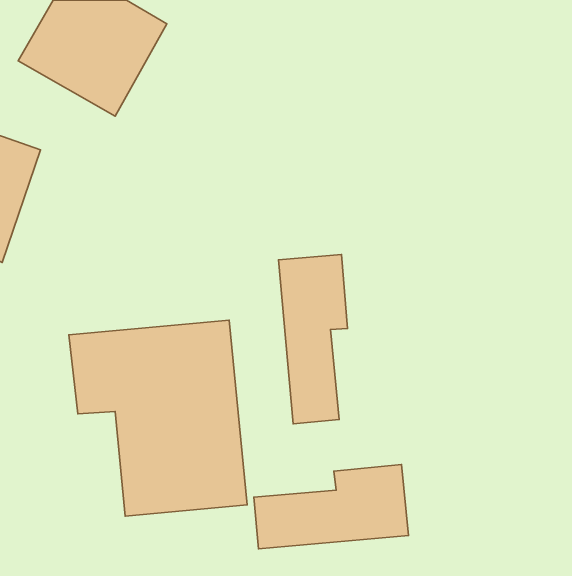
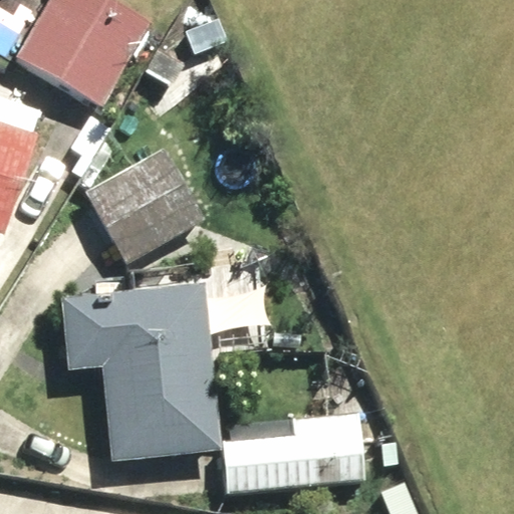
building: none -> [86,131,203,261]
building: [279,255,348,424] -> none

